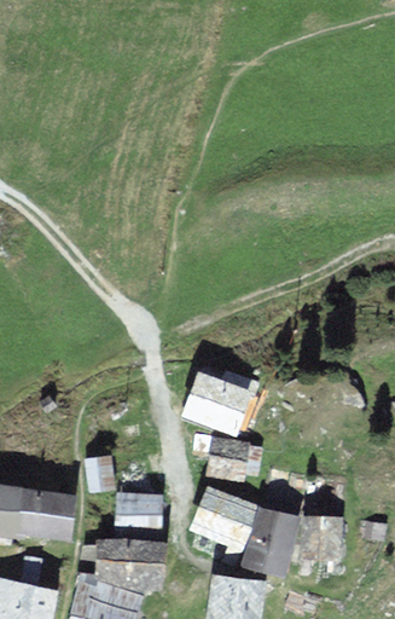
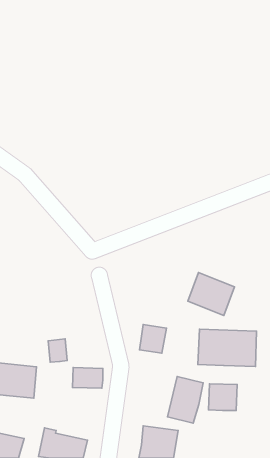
building: [186,372,249,430] -> [188,272,234,315]
building: none -> [198,329,257,366]
building: [193,487,255,544] -> none
building: [97,539,163,589] -> none

